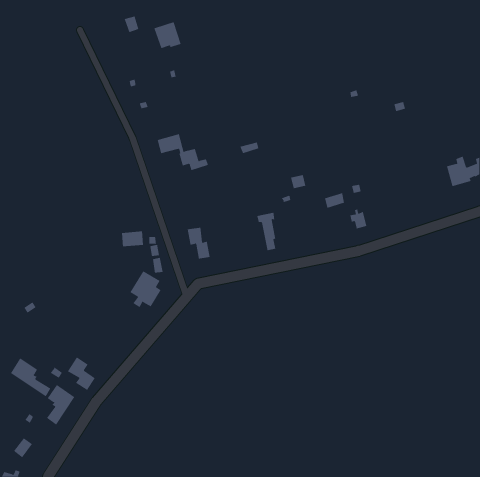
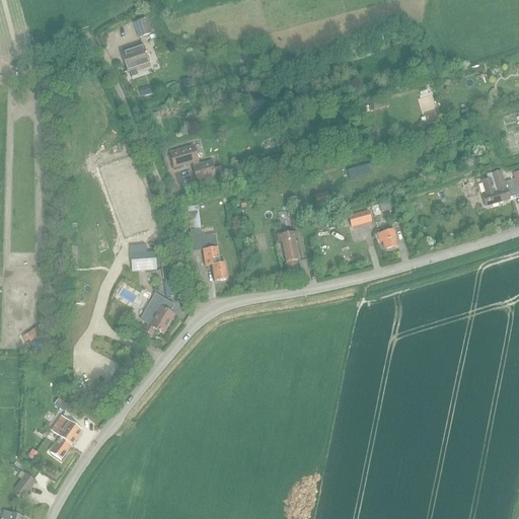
building: [153,21,182,49] -> [120,41,150,70]
building: [67,356,96,391] -> none
building: [10,357,51,397] -> none

